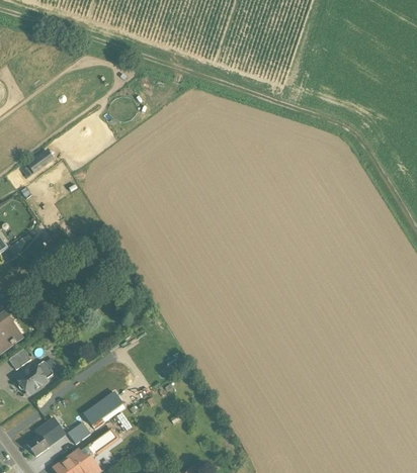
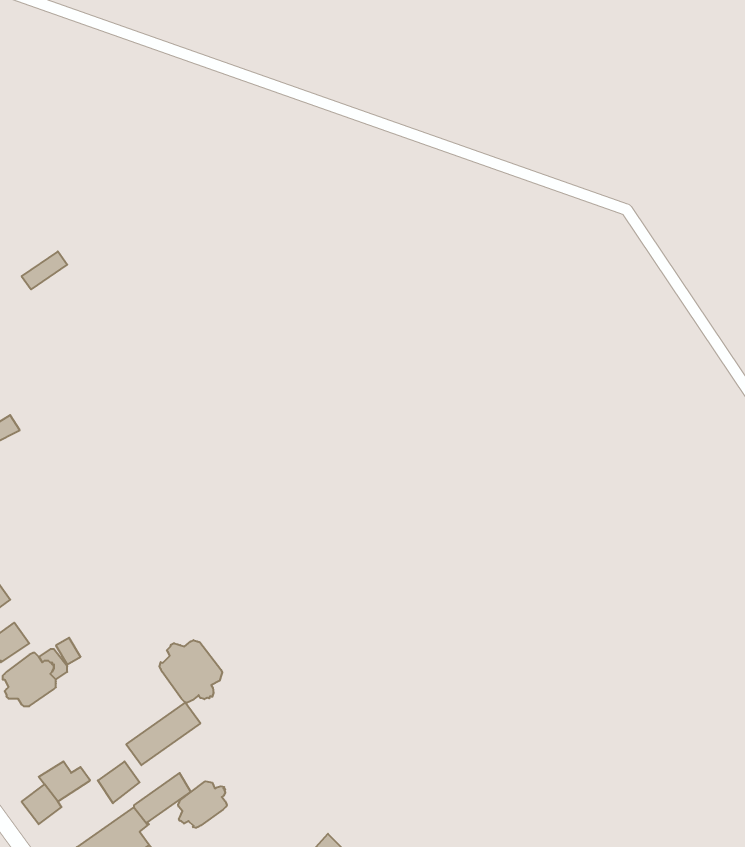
building: none -> [159,640,222,703]
building: none -> [178,781,227,828]

